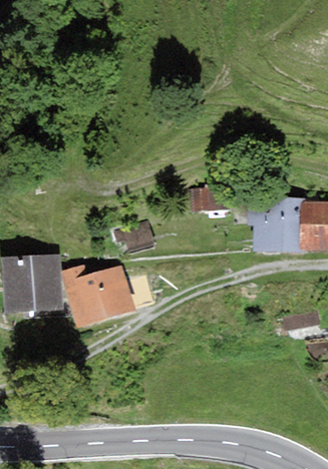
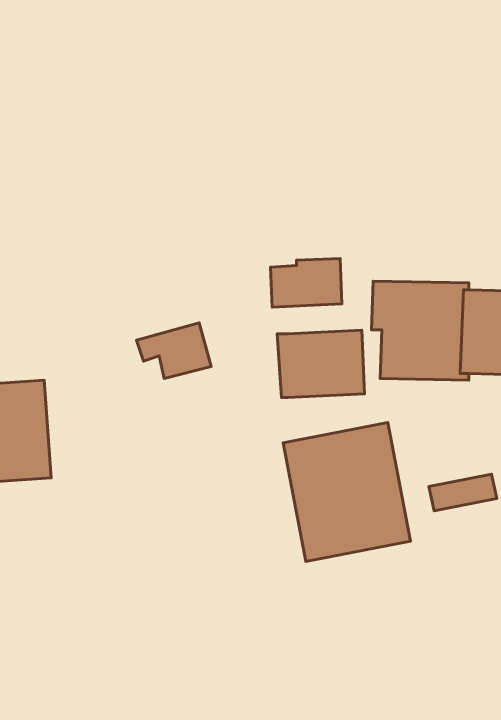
building: none -> [277,330,364,398]
building: [59,264,133,328] -> none
building: none -> [283,423,410,561]

